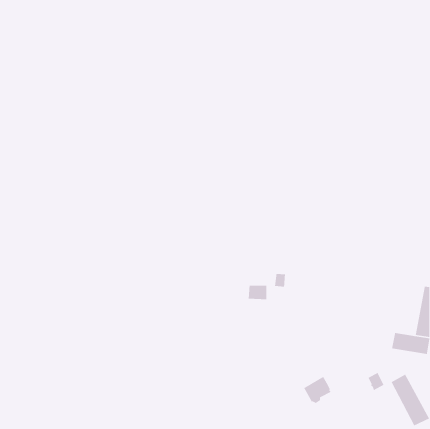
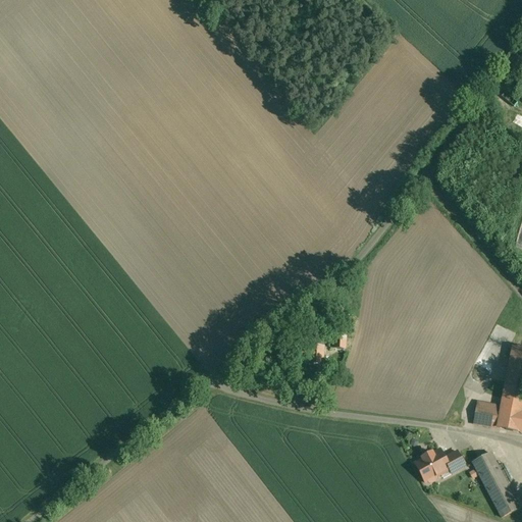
building: [303,376,332,404] -> [415,449,450,482]

